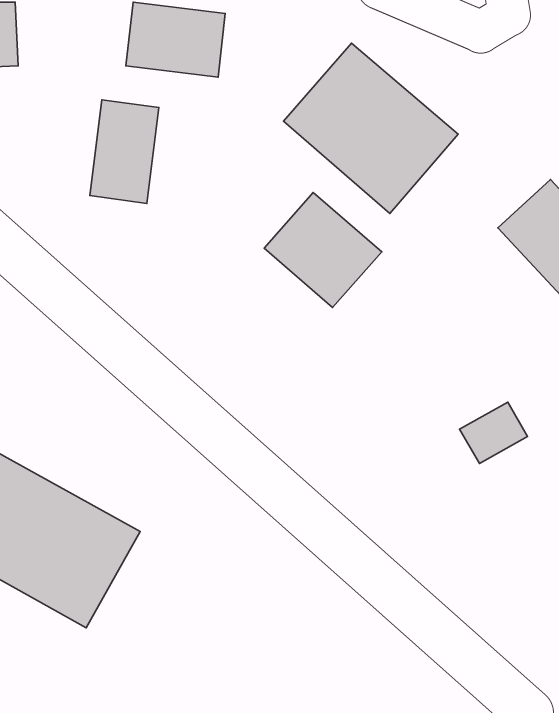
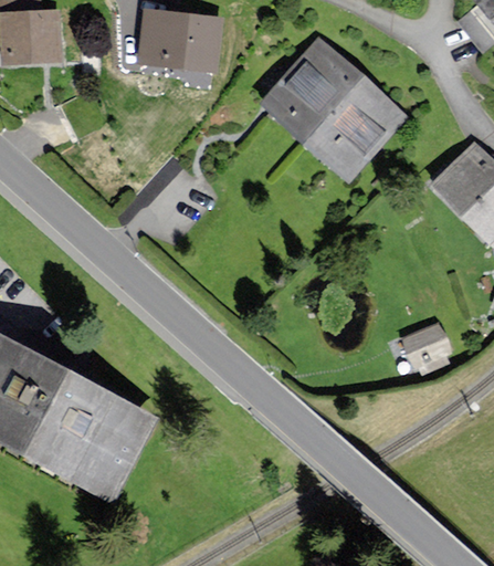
building: [90,100,159,203] -> none
building: [264,192,382,307] -> none

